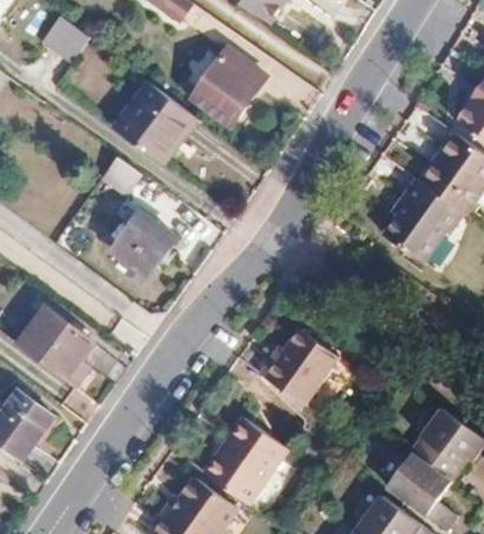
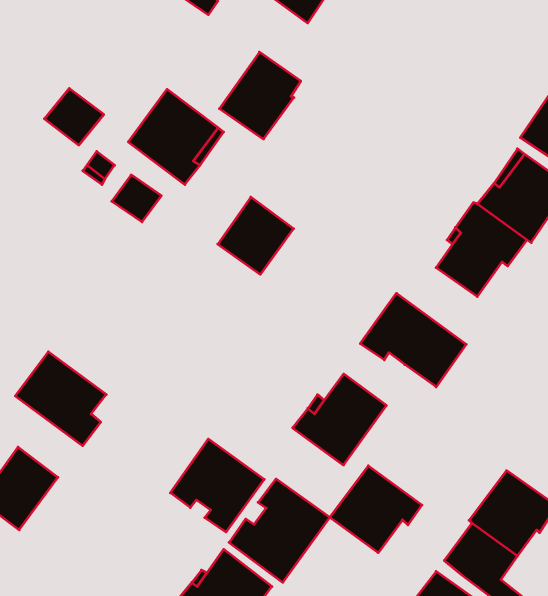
building: [38,14,89,63] -> [44,88,104,145]
building: [111,211,176,278] -> [218,197,294,274]
building: none -> [360,293,466,387]
building: none -> [170,439,264,532]
building: none -> [330,466,422,553]

